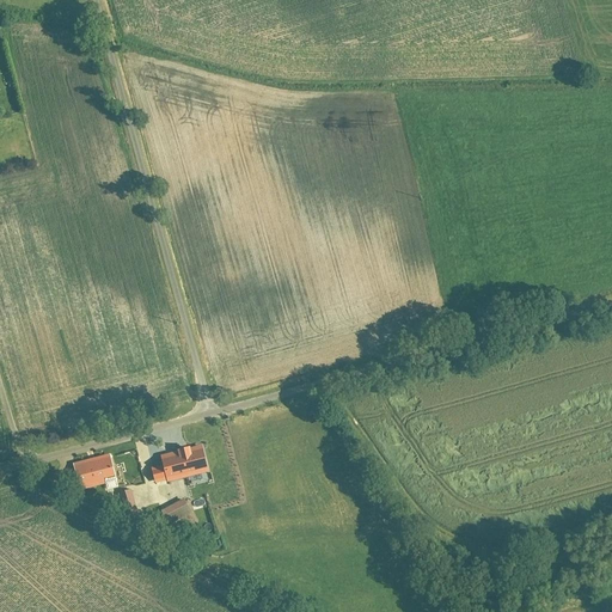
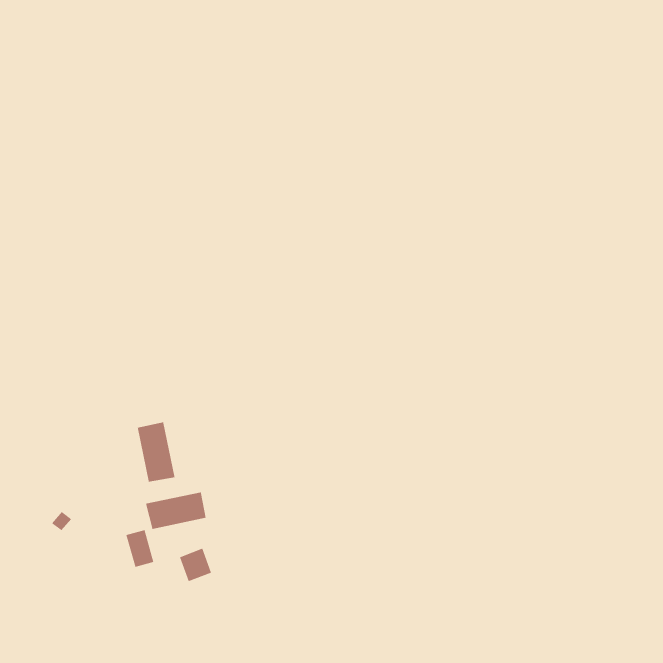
building: none -> [137,421,175,482]
building: [78,452,120,486] -> none

